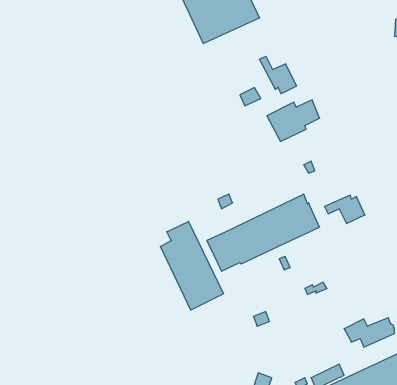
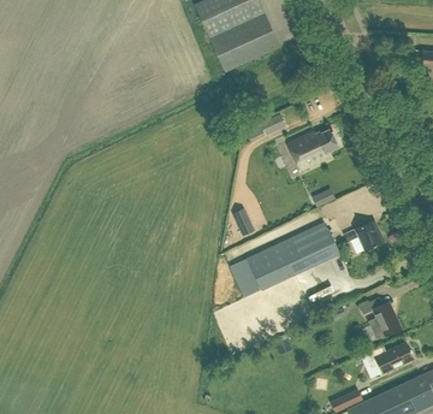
building: [259,56,297,94] -> none
building: [160,221,223,310] -> none
building: none -> [360,298,402,339]

